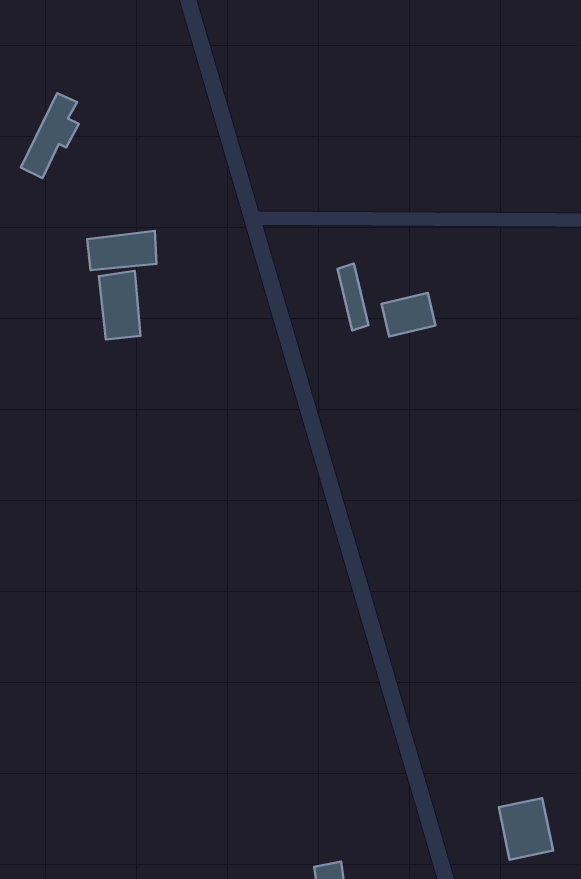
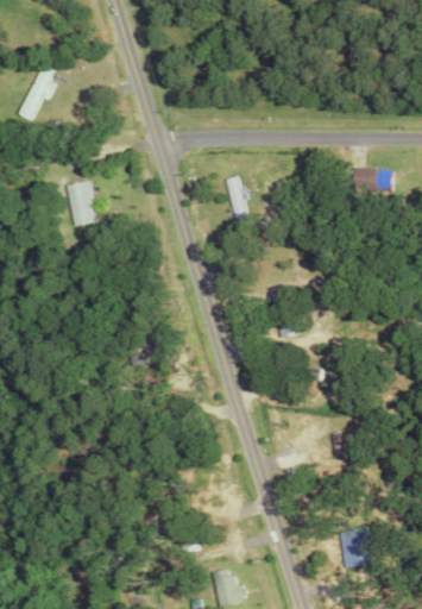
building: [87,231,156,270] -> none
building: [381,293,436,336] -> none

